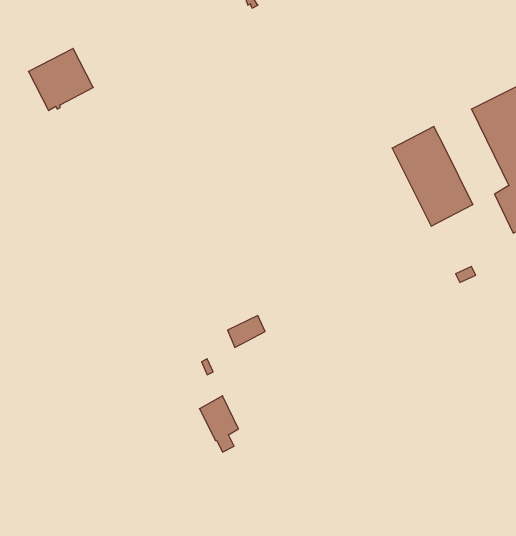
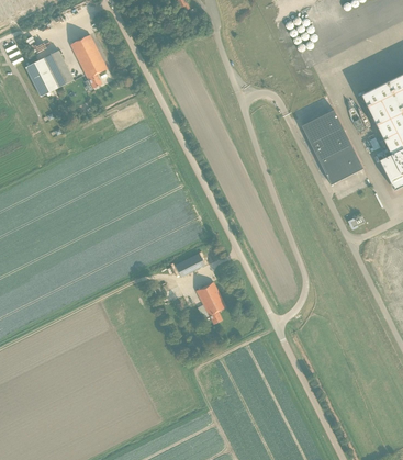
building: none -> [69,34,107,88]
building: [199,396,238,452] -> [195,281,225,324]

